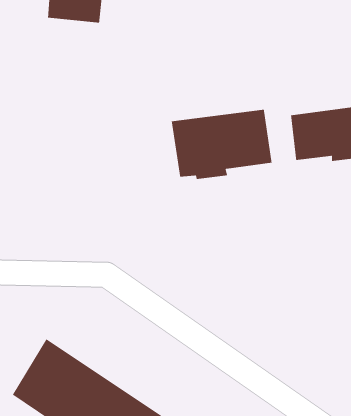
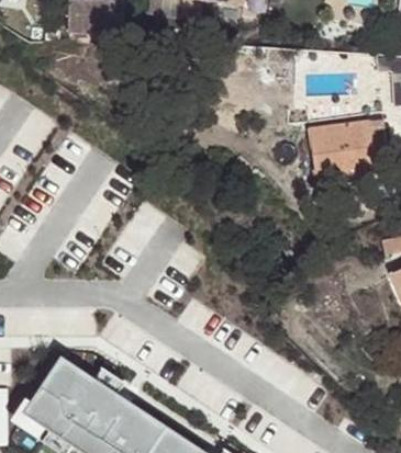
building: [171,109,272,180] -> none

